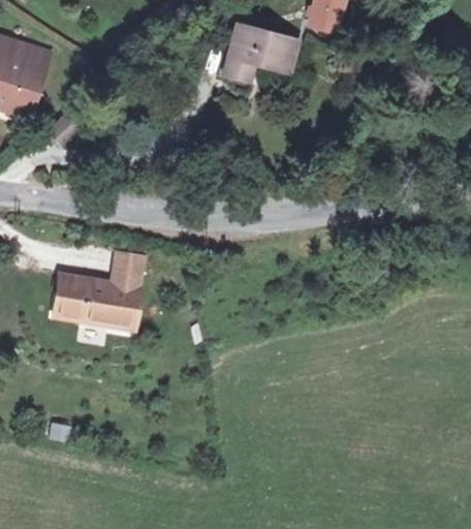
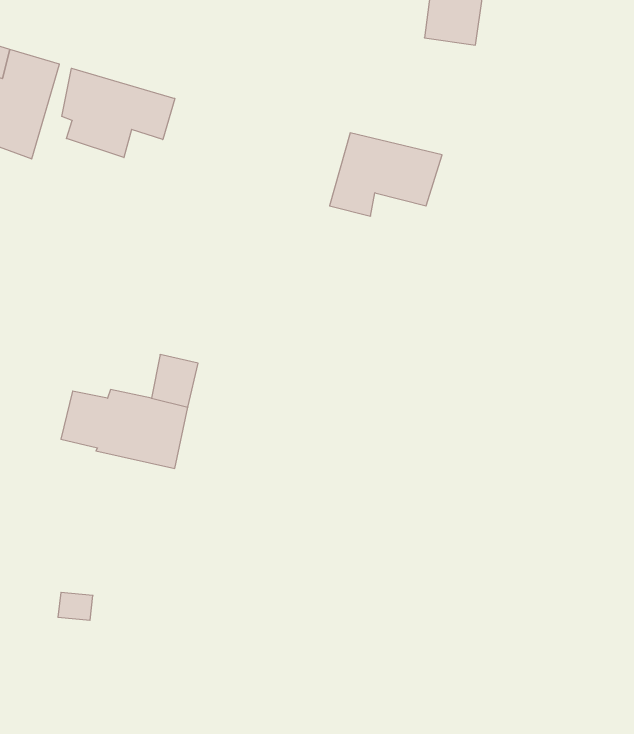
building: [221,23,301,82] -> [330,133,442,216]
building: none -> [62,68,175,158]

